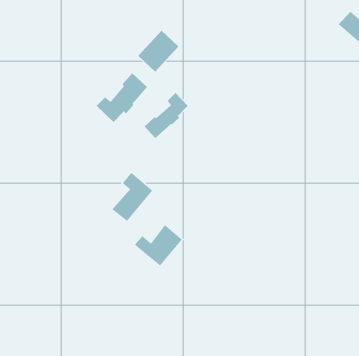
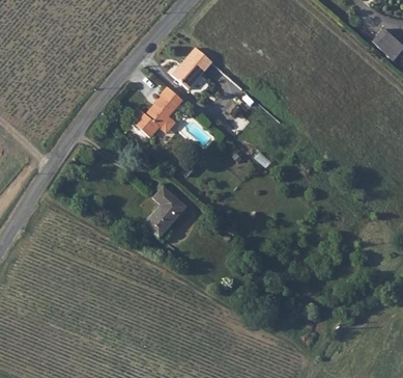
building: [144,92,189,139] -> none
building: [134,224,183,267] -> none

